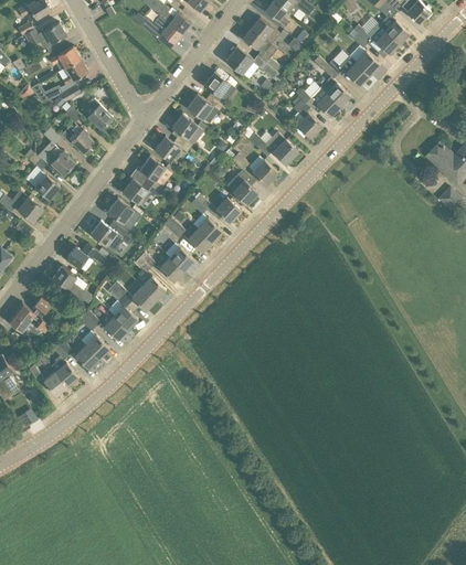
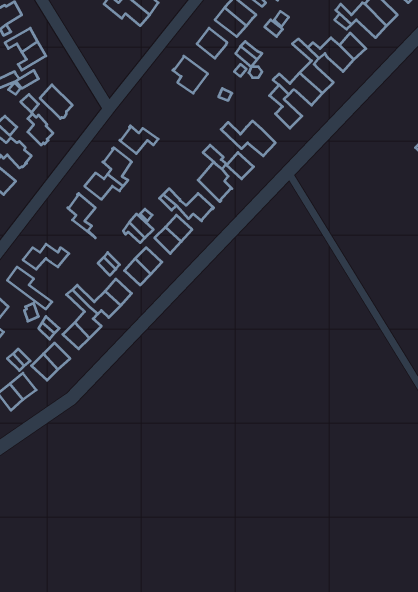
building: [187,94,222,124] -> none
building: [171,114,200,148] -> none
building: [89,221,133,250] -> none

